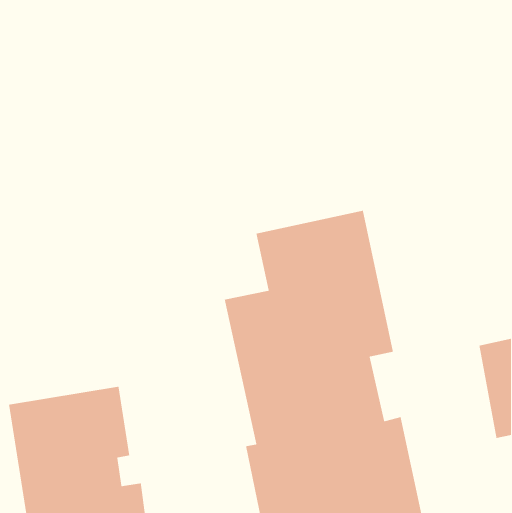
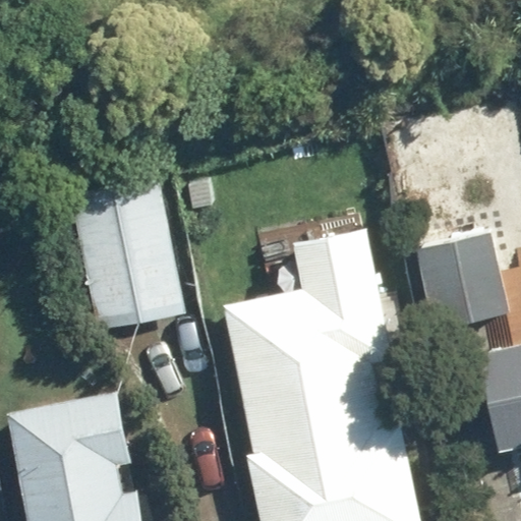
building: none -> [71,183,183,333]
building: none -> [413,234,506,331]

